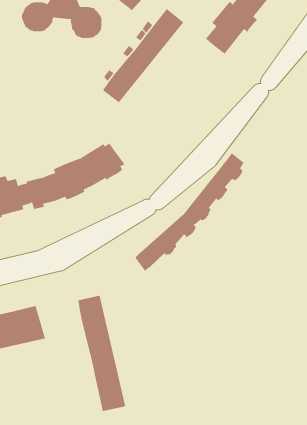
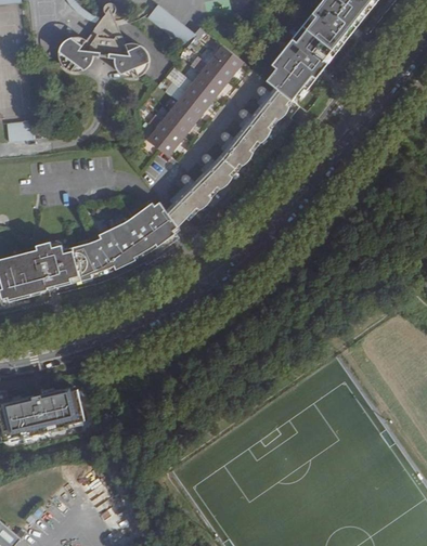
building: [134,152,245,272] -> [165,88,292,225]
building: [78,295,126,412] -> none

